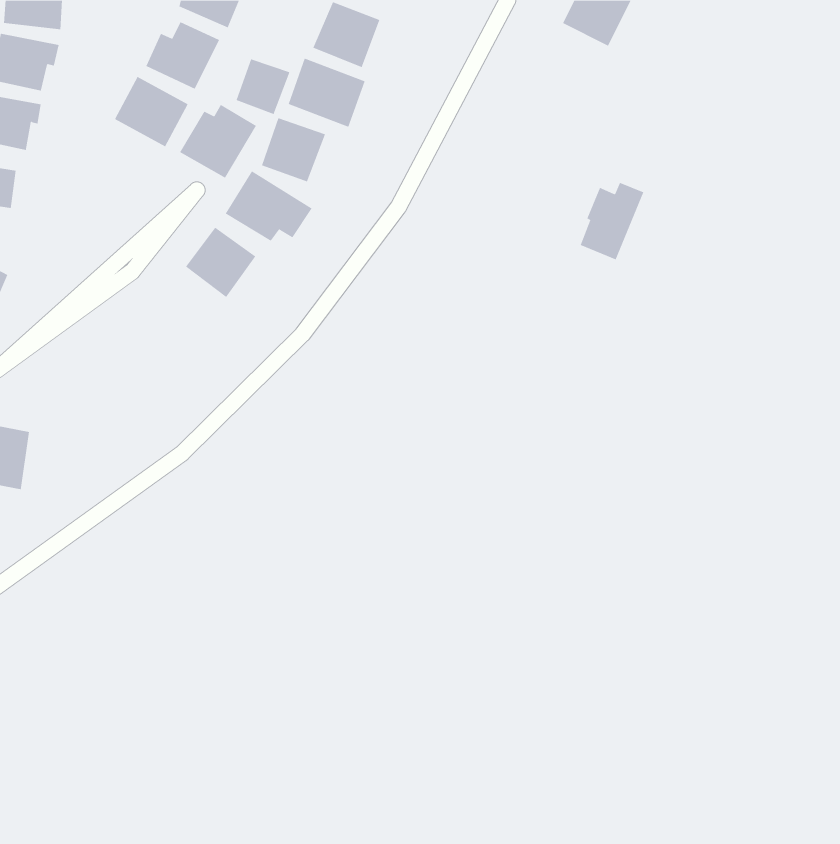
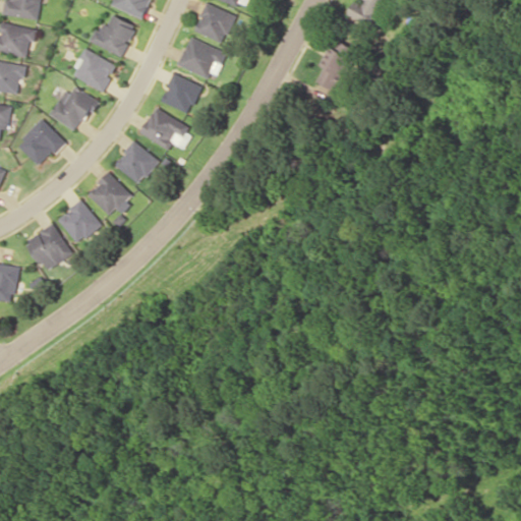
building: [236,58,290,115] -> none
building: [179,104,257,179] -> [48,85,96,131]
building: [580,182,644,260] -> [315,43,355,91]
building: none -> [16,118,66,165]
building: none -> [88,172,131,216]
building: none -> [57,198,101,243]
building: none -> [24,223,72,272]

